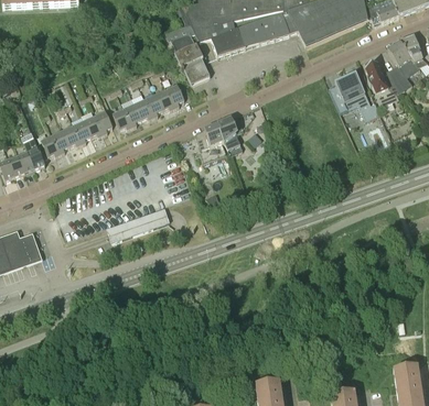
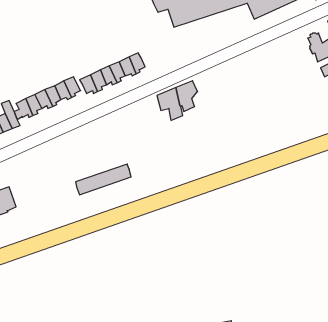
building: [170,30,208,81] -> none
building: [329,72,379,120] -> none

